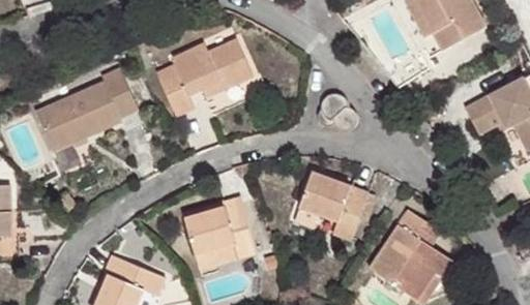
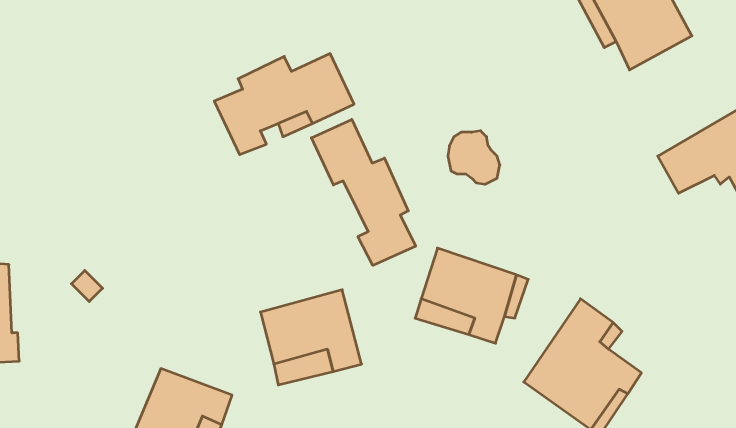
building: [34,65,135,150] -> none
building: none -> [311,119,416,265]

